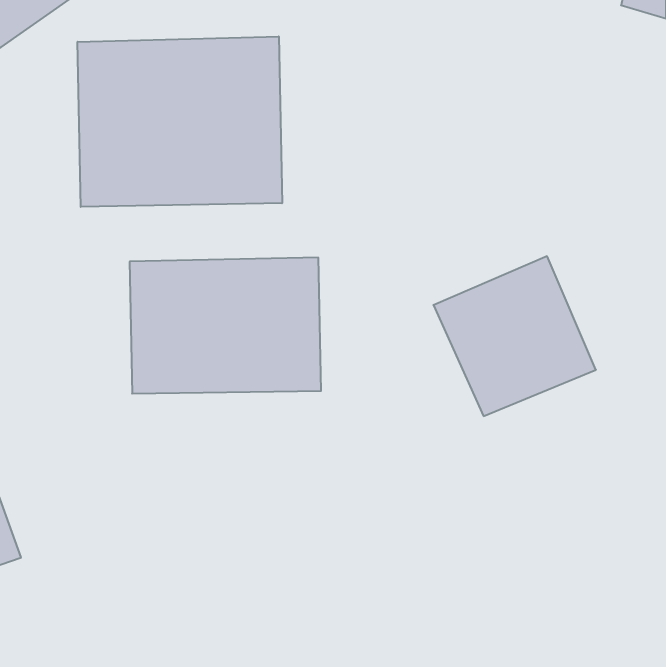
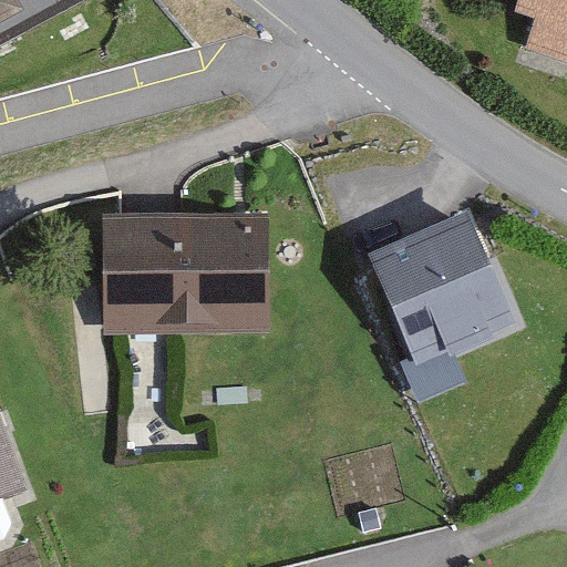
building: [78,36,282,207] -> none

